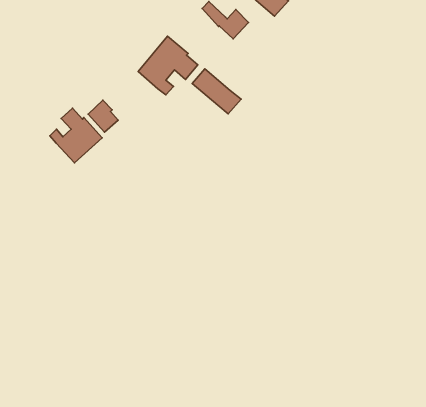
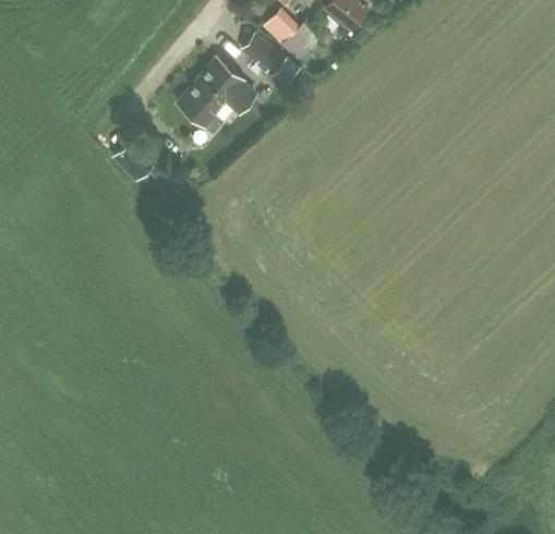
building: [192,69,241,114] -> [238,32,300,88]
building: [50,108,102,163] -> none

